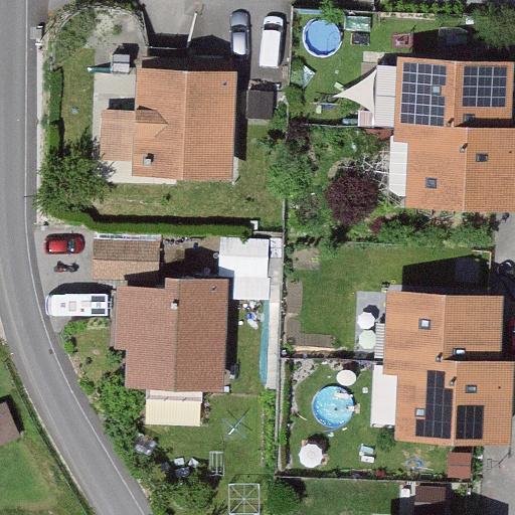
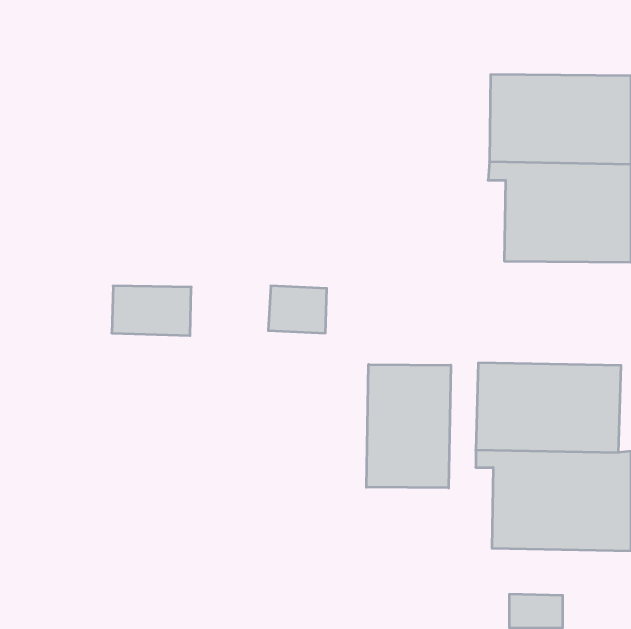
building: [99,67,233,175] -> none
building: [114,278,227,395] -> none
building: none -> [366,364,451,488]

